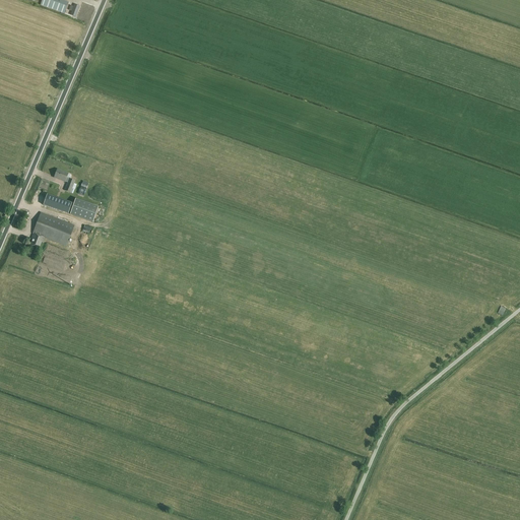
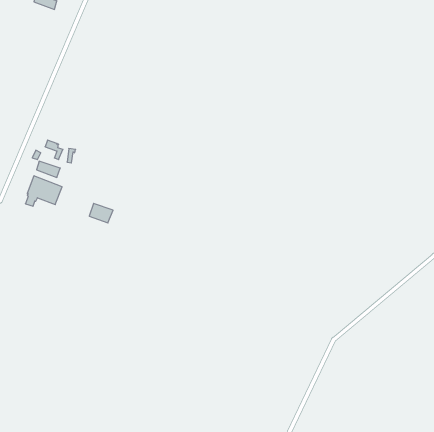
building: [70,197,99,220] -> [89,203,113,223]

